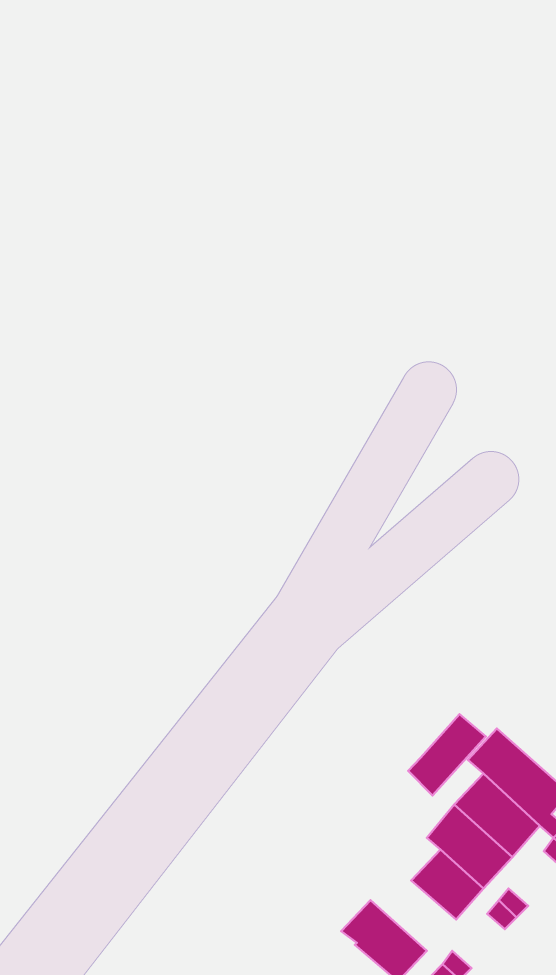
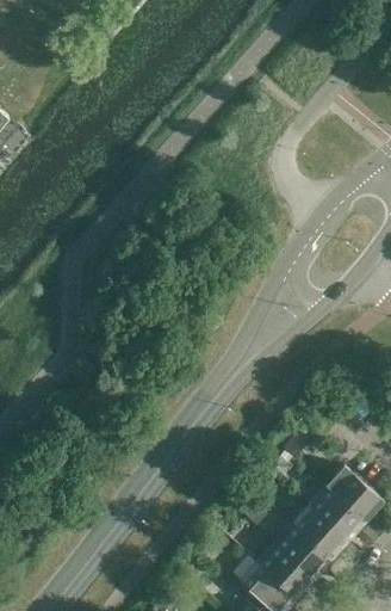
building: [408,714,486,796] -> none
building: none -> [257,544,310,594]

